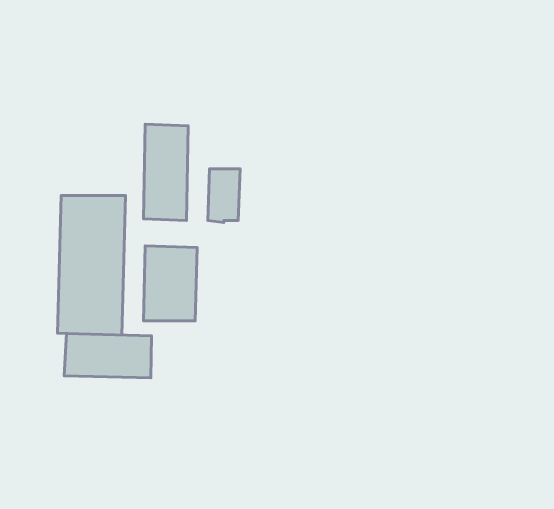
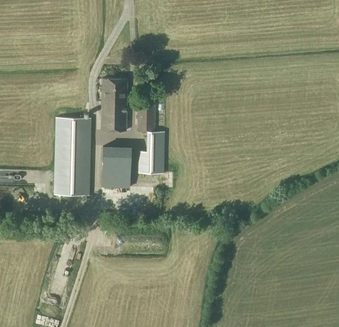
building: none -> [138,132,164,174]
building: [64,334,151,378] -> none

